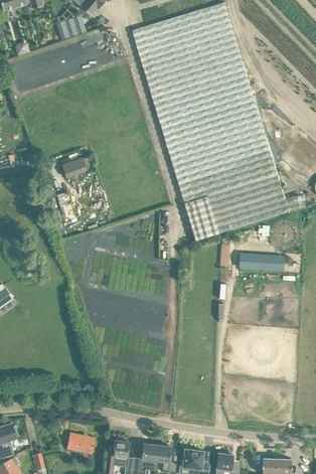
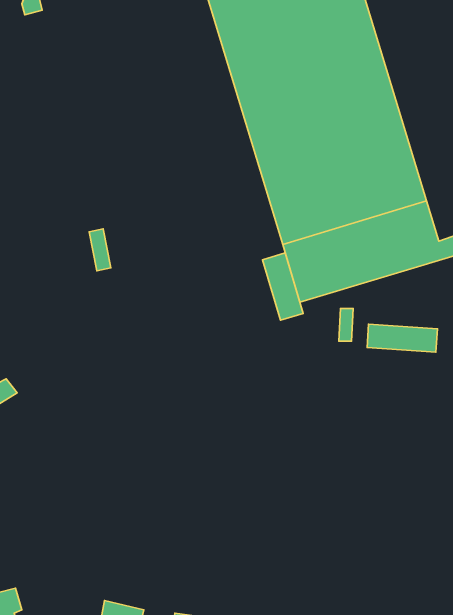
building: [62,155,93,177] -> none
building: none -> [262,253,303,320]

